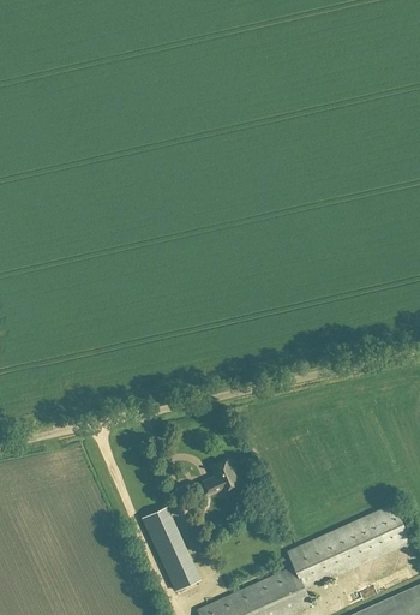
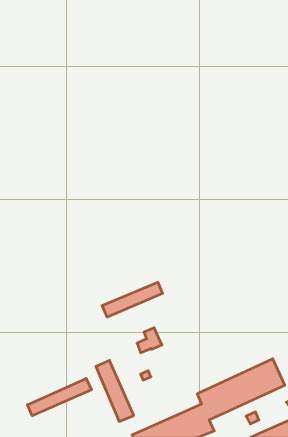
building: none -> [102,282,163,317]
building: none -> [27,378,91,416]

